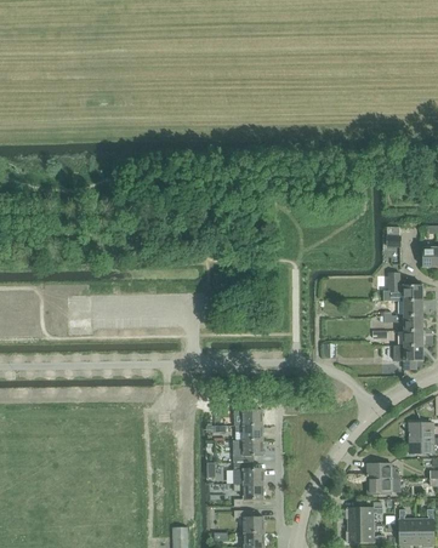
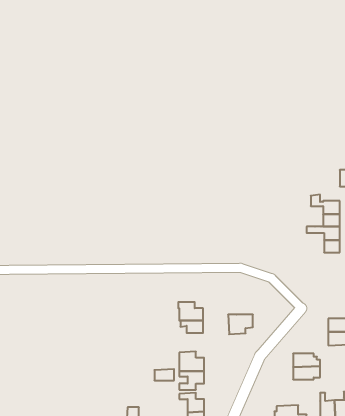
building: [394,344,422,369] -> none
building: [233,439,262,462] -> [228,315,253,334]
building: [346,507,383,525] -> none

